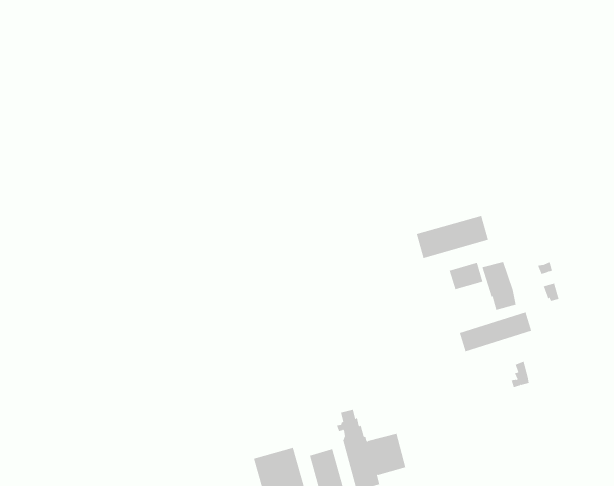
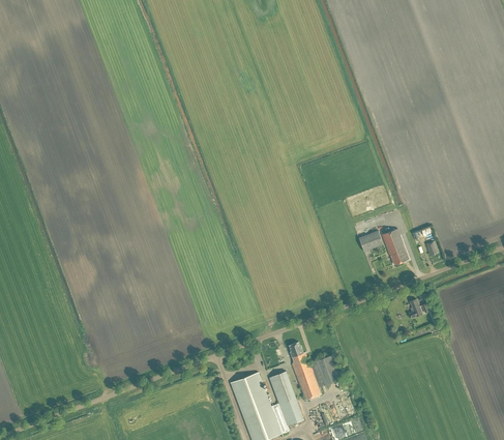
building: [416,215,488,259] -> none
building: [459,311,532,352] -> none

